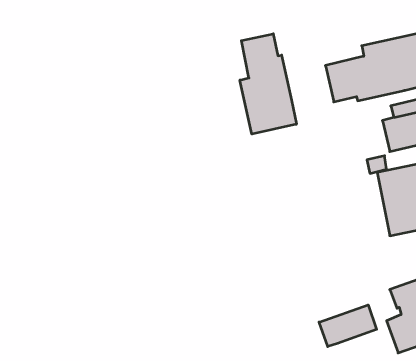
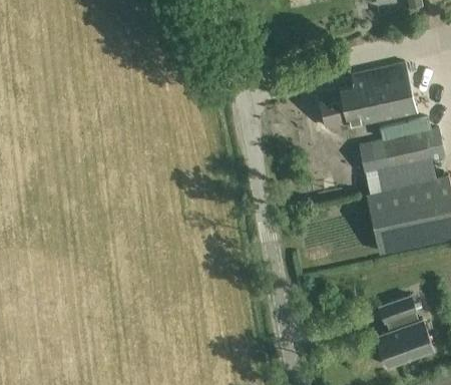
building: [240,34,296,134] -> none
building: [319,305,377,347] -> none

